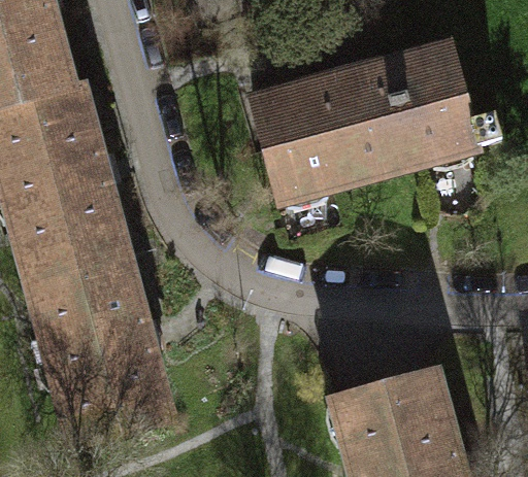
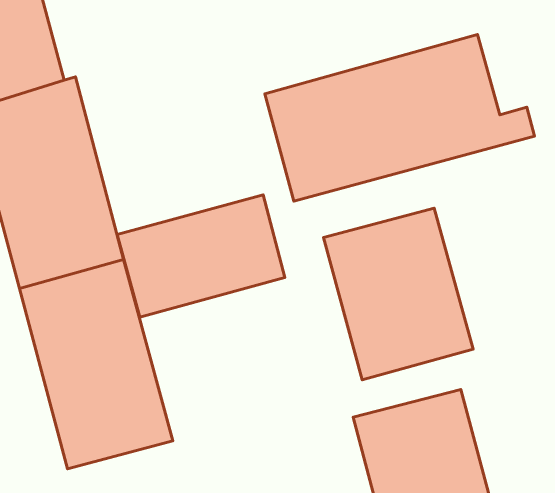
building: none -> [117,195,285,317]
building: none -> [324,208,473,380]

